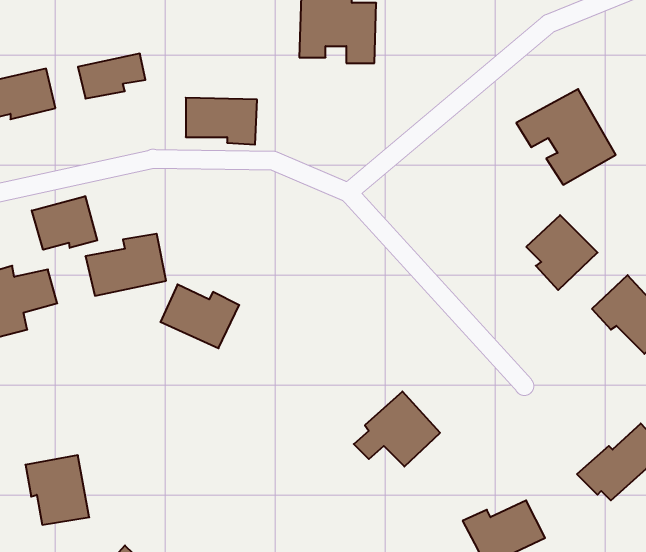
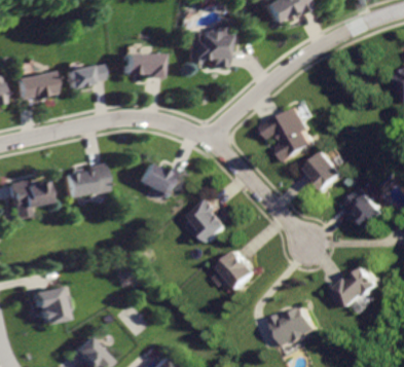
building: [516,89,616,185] -> [262,108,317,160]
building: [186,98,257,145] -> [118,54,157,80]
building: [32,196,97,250] -> none
building: [160,284,239,348] -> [141,162,184,197]
building: none -> [187,199,229,243]

